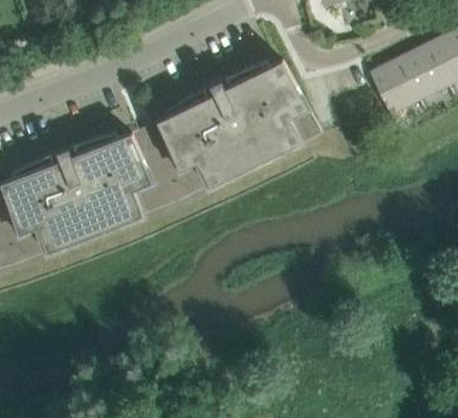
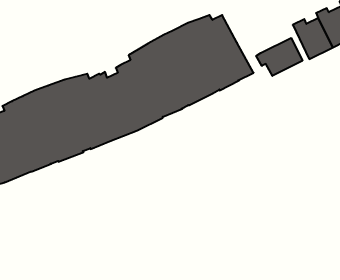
building: none -> [256,38,302,76]

